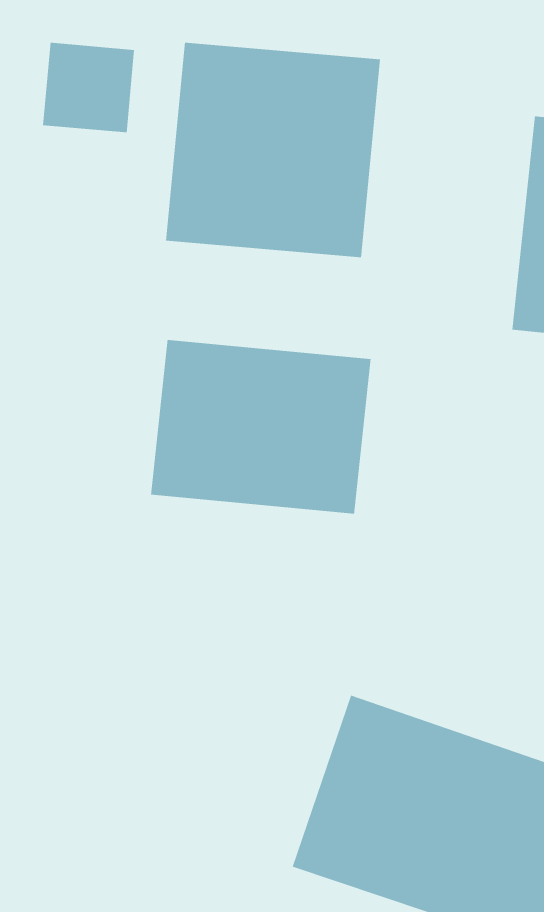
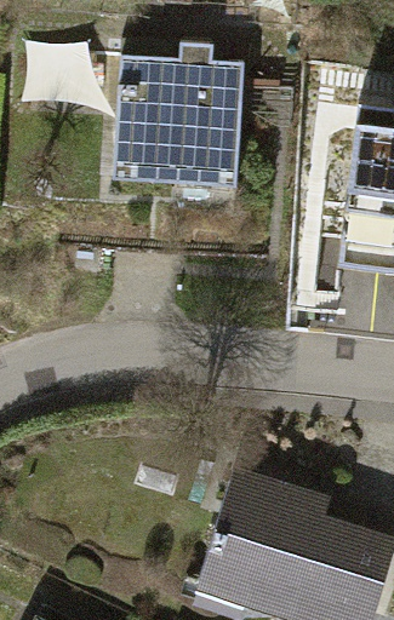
building: [150,339,371,515] -> none

